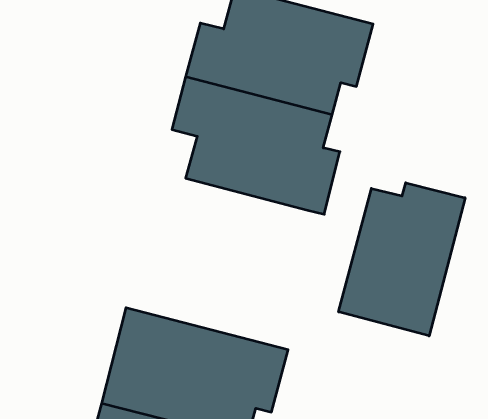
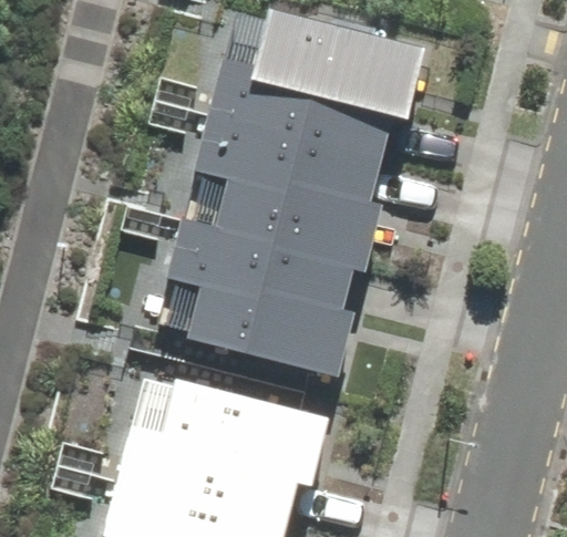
building: none -> [167,217,360,373]
building: [339,183,465,336] -> none

